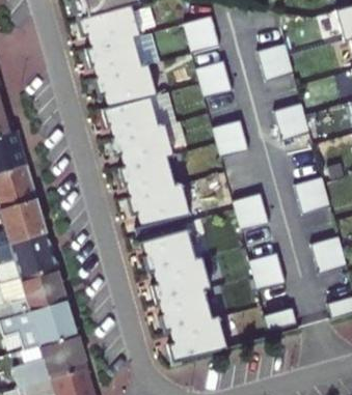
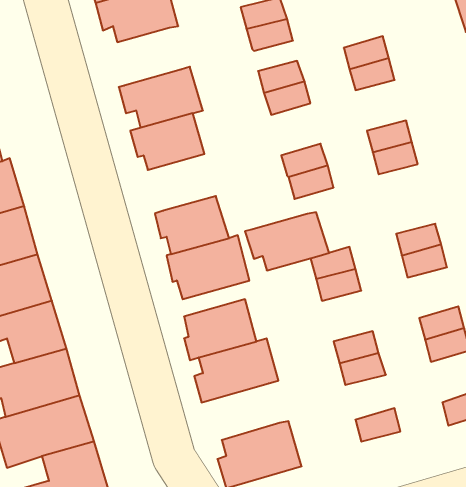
building: [86,37,139,79] -> none
building: [111,126,171,168] -> [245,212,329,270]
building: [157,291,210,334] -> none

